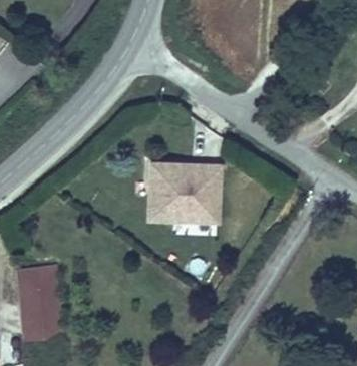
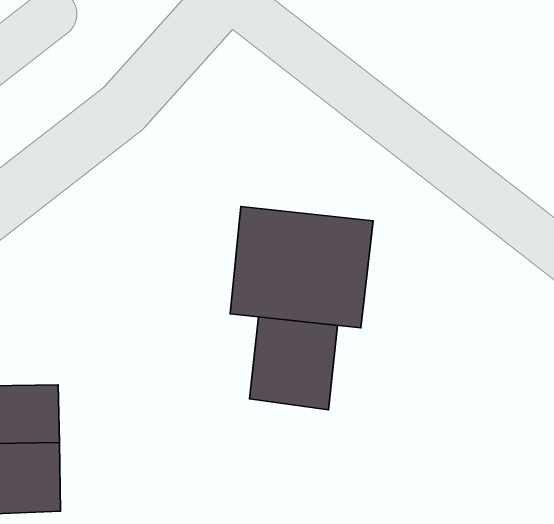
building: none -> [250,317,337,410]

